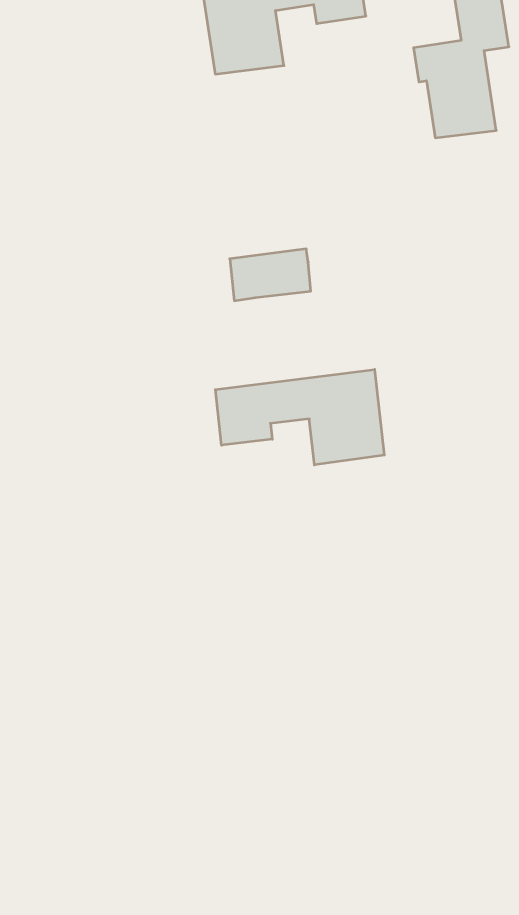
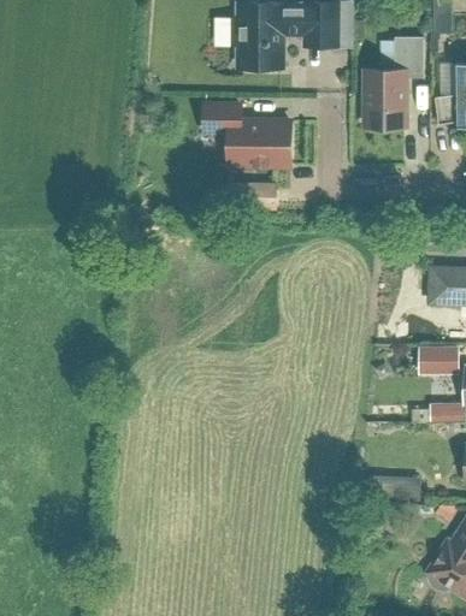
building: none -> [205,103,290,167]
building: [215,369,384,465] -> none

